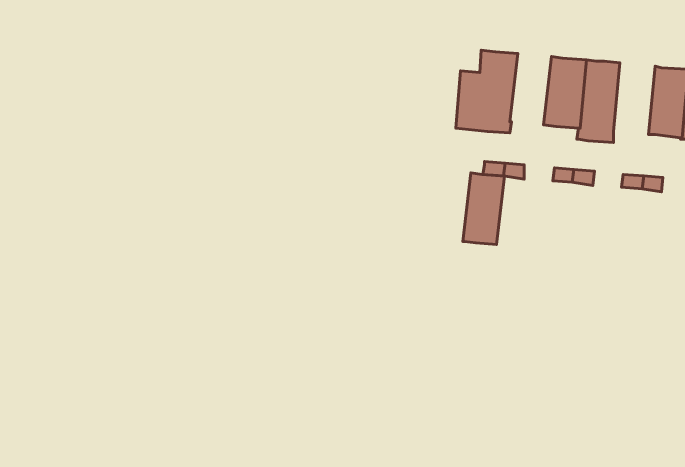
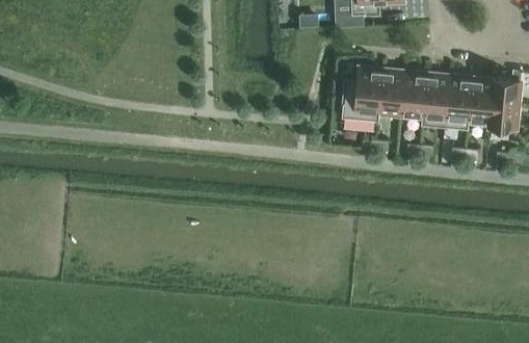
building: none -> [446,74,473,128]
building: [463,173,504,245] -> [378,68,405,114]

